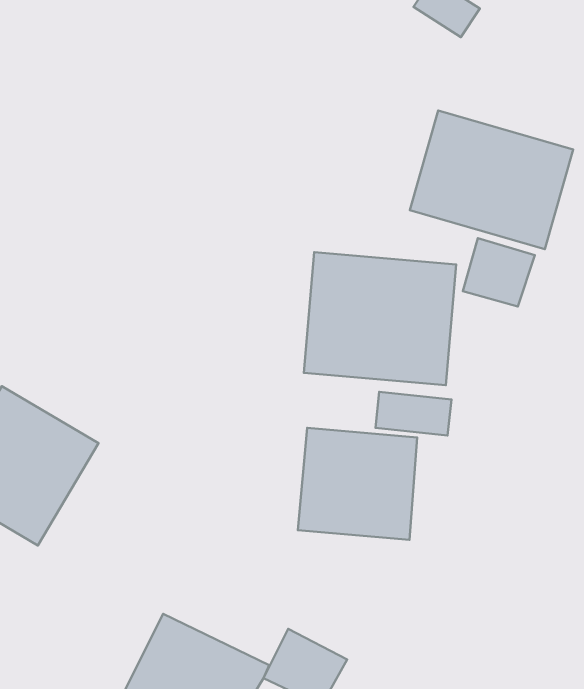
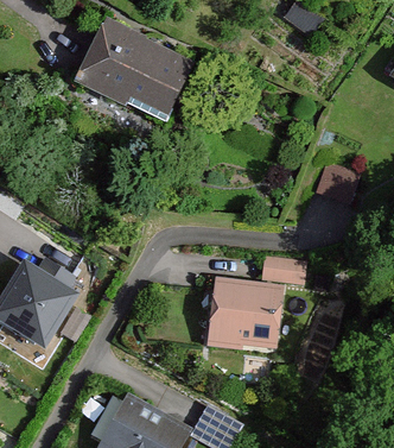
building: none -> [78,18,195,116]
building: [410,111,573,249] -> none
building: [304,252,456,385] -> none

